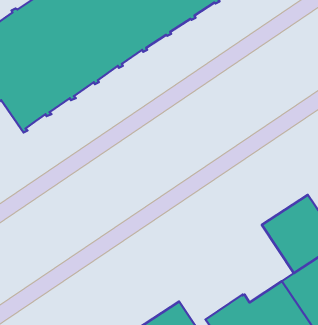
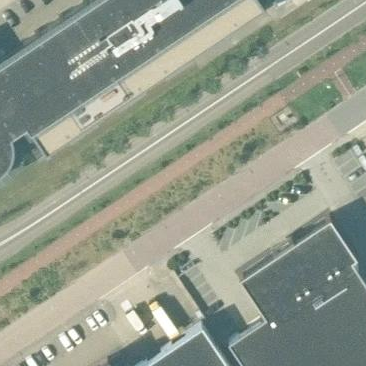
building: none -> [238,249,315,326]

